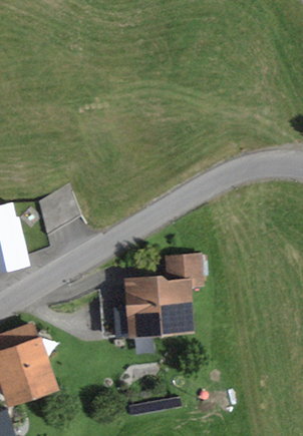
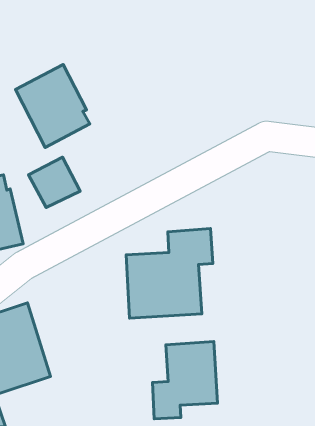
building: none -> [15,64,90,148]
building: none -> [152,342,217,419]

